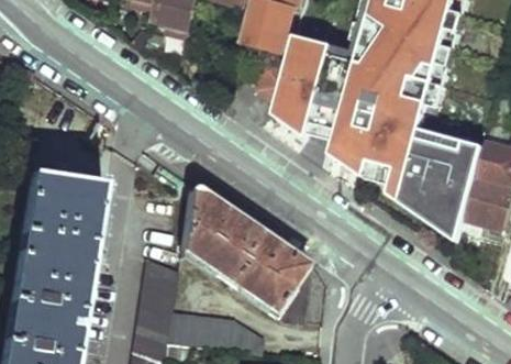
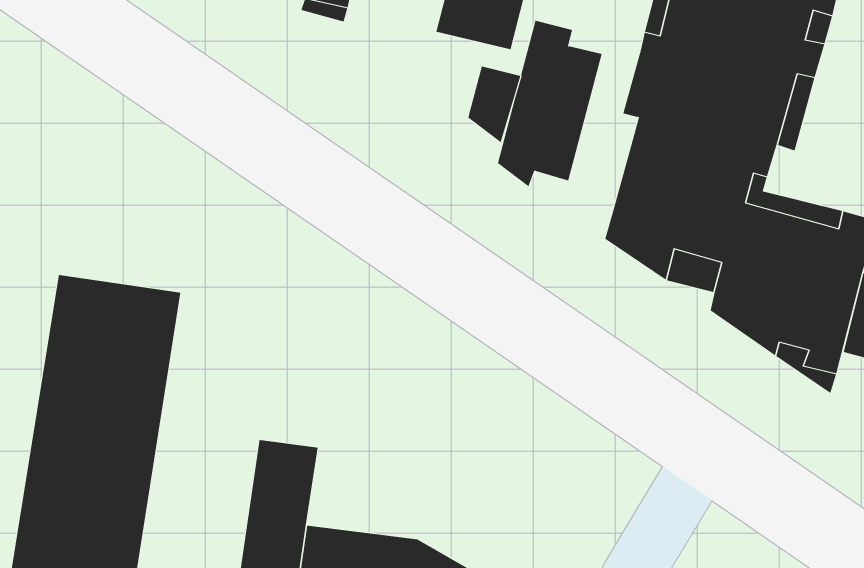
building: [293,38,355,139] -> none
building: [180,185,307,319] -> none

